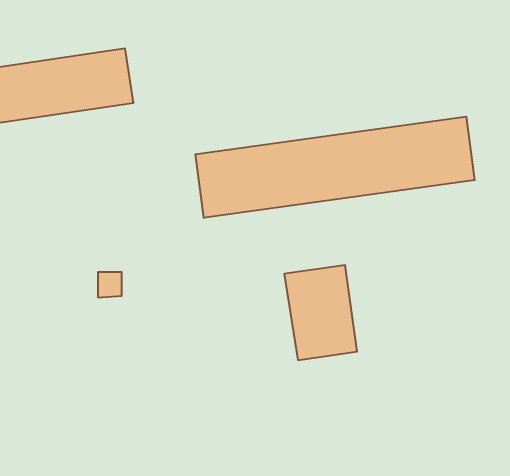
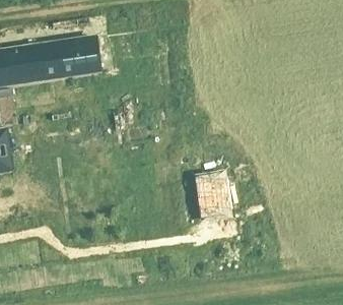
building: [195,117,475,218] -> none

